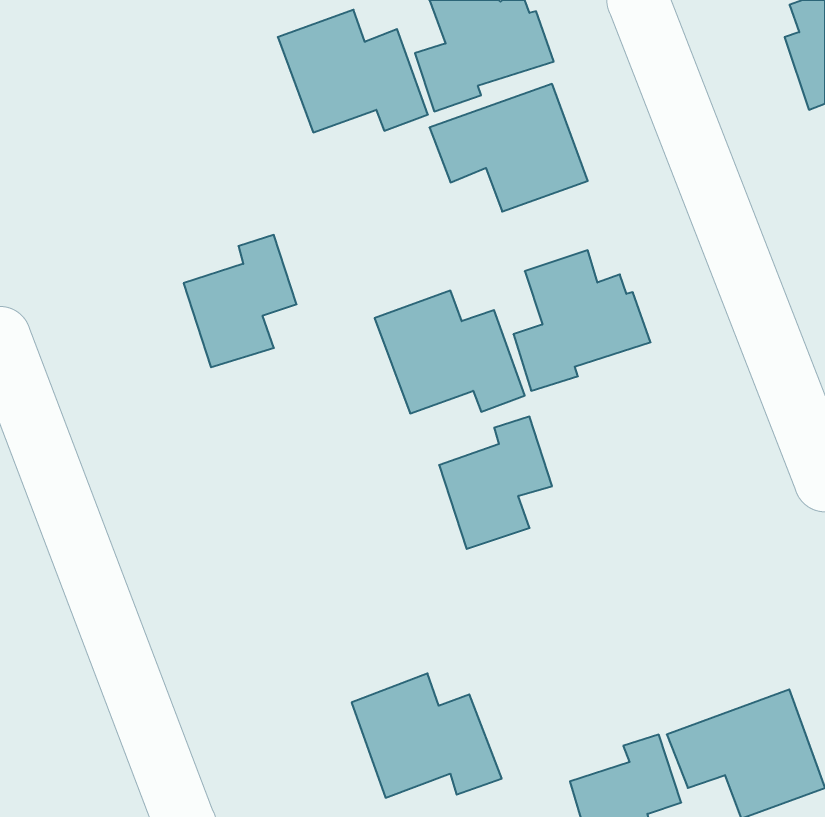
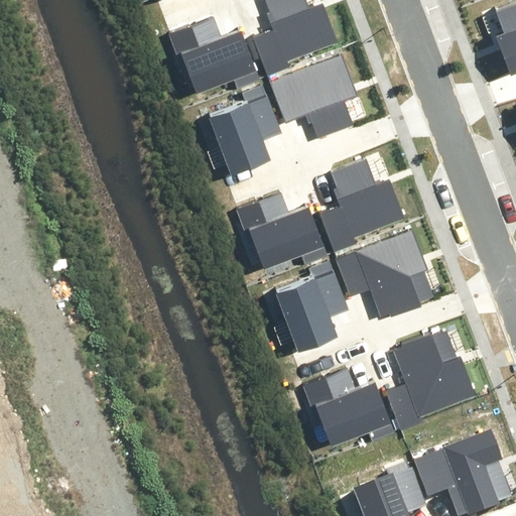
building: [184,235,297,367] -> [207,85,277,167]
building: none -> [336,237,434,317]
building: none -> [388,333,475,426]
building: [352,673,502,798] -> [303,363,397,440]

